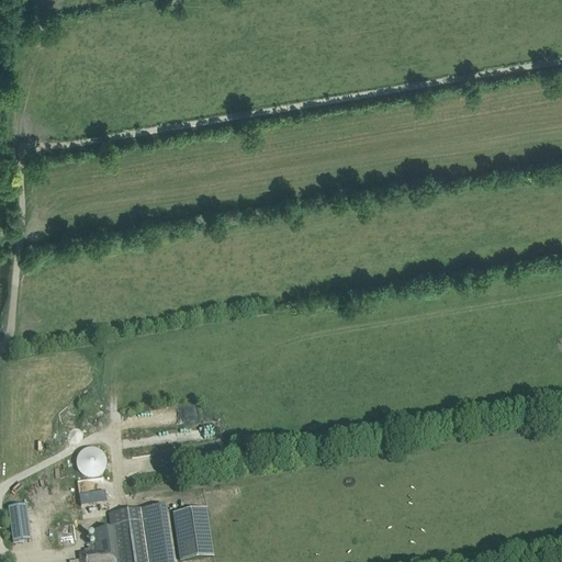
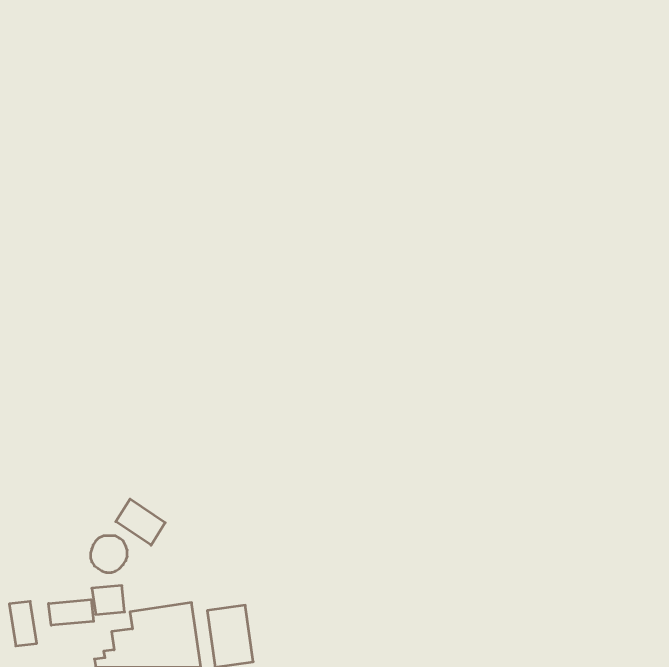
building: none -> [116,499,165,545]
building: none -> [49,600,94,625]

